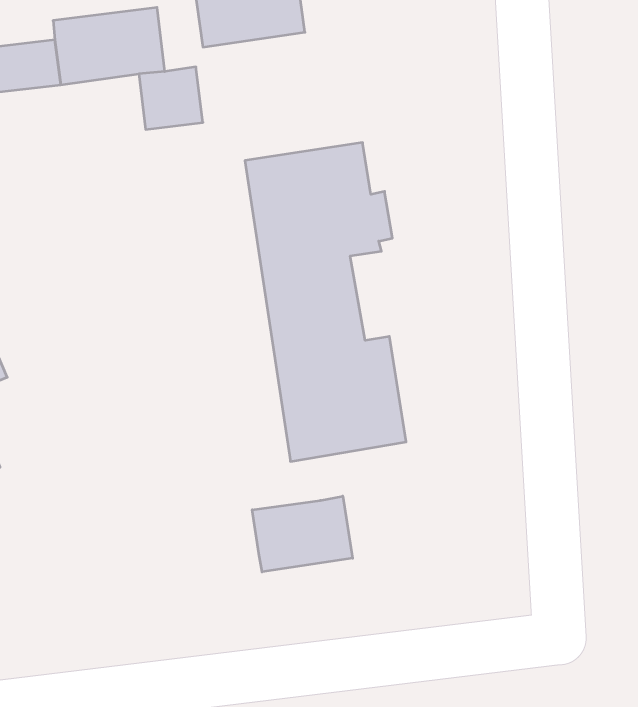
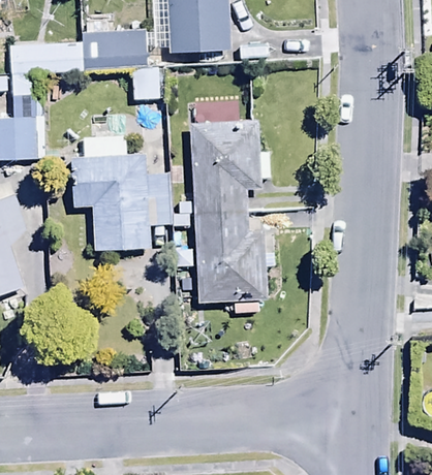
building: none -> [72,135,171,250]
building: [252,496,353,572] -> none

